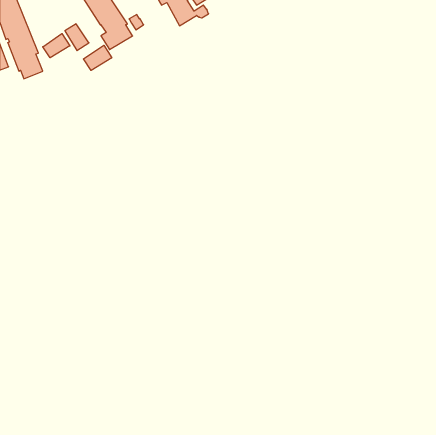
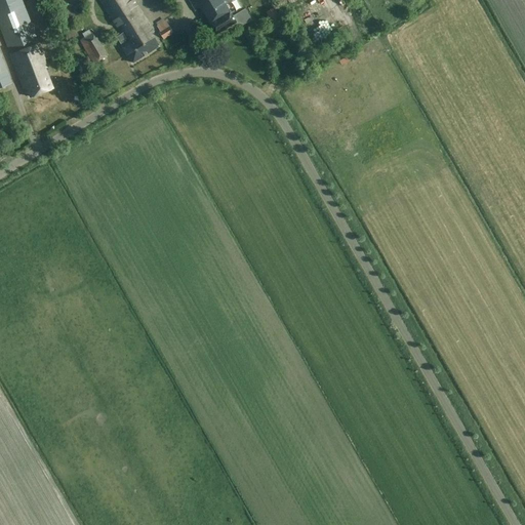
building: [43,34,70,58] -> none
building: [83,45,112,70] -> none

